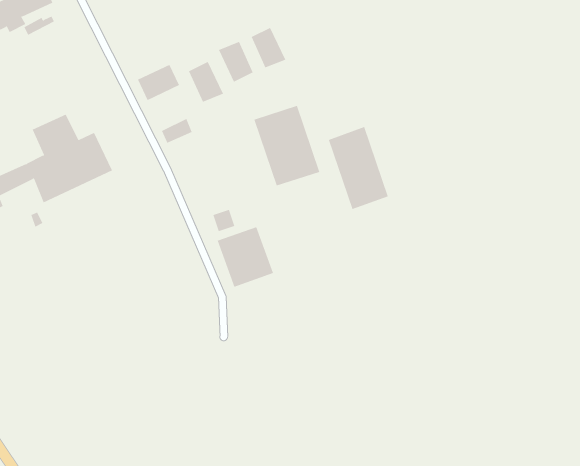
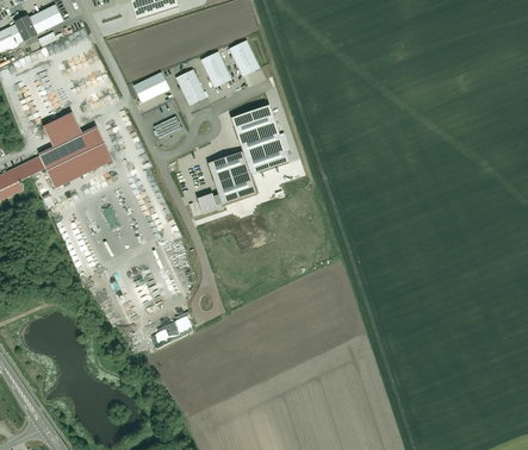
building: [328,126,388,210] -> none
building: [217,226,274,288] -> [207,152,255,204]

